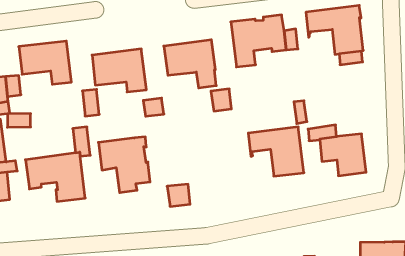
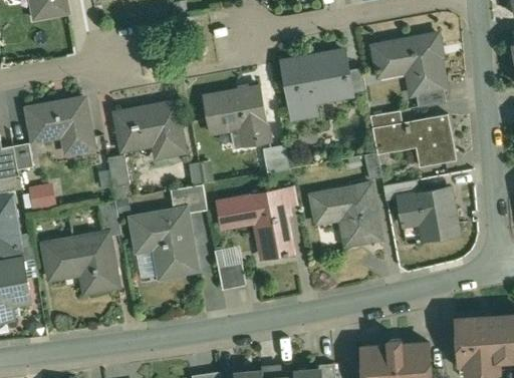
building: none -> [369,109,455,167]
building: none -> [169,183,206,213]
building: none -> [217,190,292,258]

